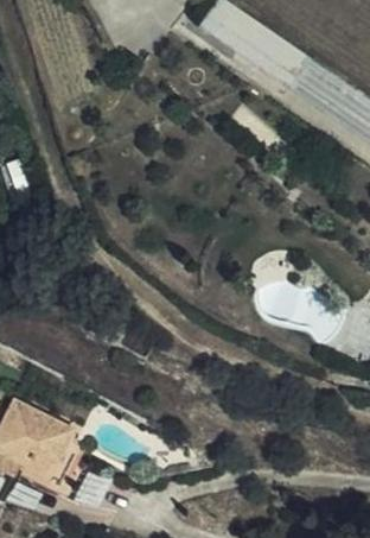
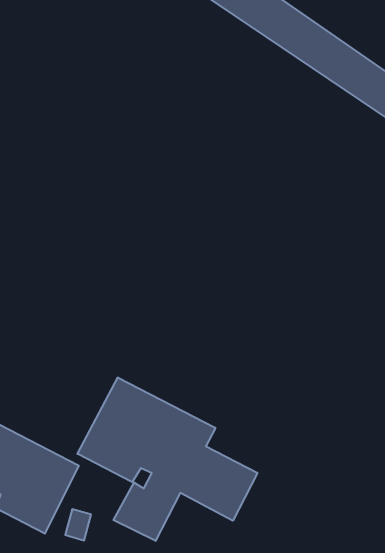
building: none -> [77,377,257,541]

